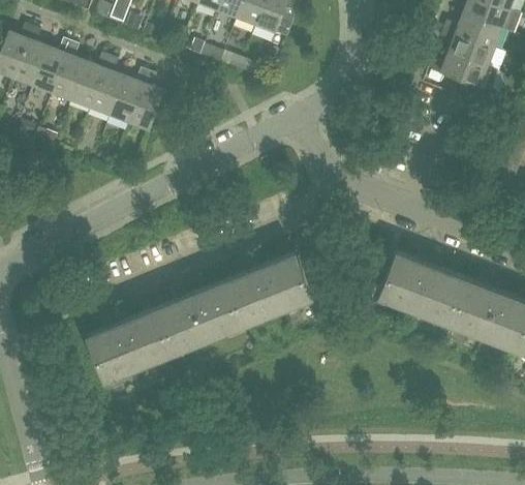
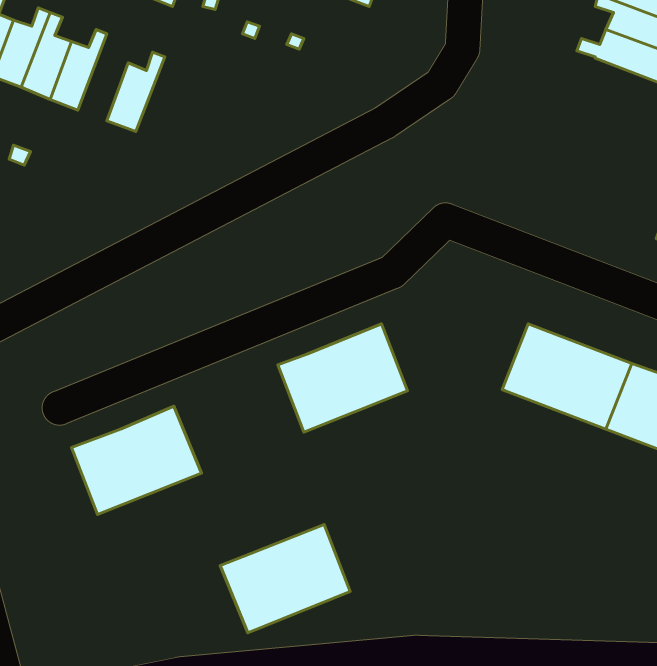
building: [90,55,124,114] -> none
building: [129,70,164,129] -> none
building: [155,279,243,353] -> [220,524,350,633]

